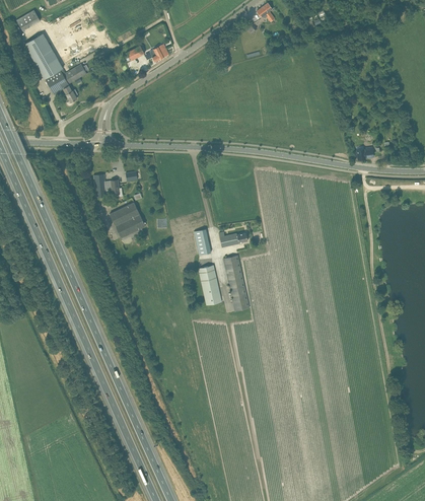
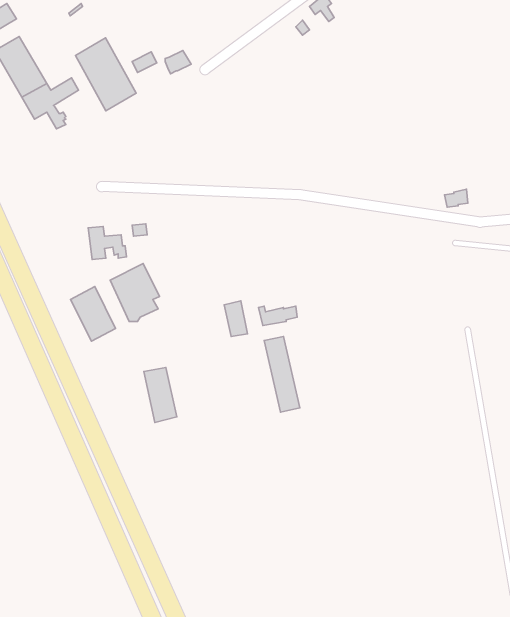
building: none -> [75,38,136,111]
building: none -> [71,287,116,341]
building: [198,265,222,305] -> [144,367,177,422]

